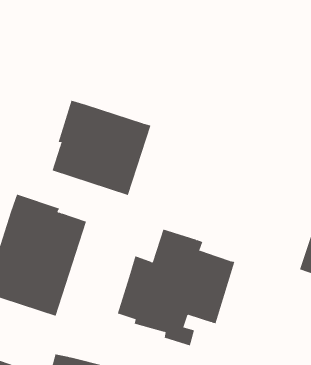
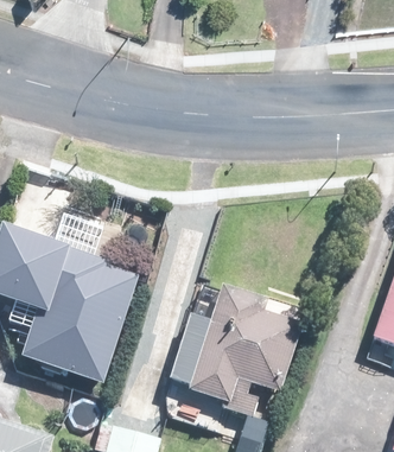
building: [52,100,151,196] -> none

